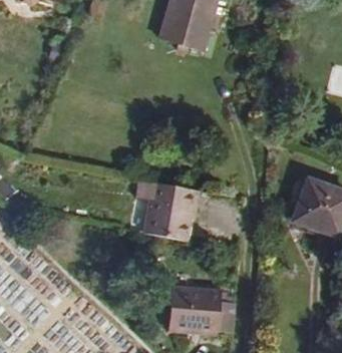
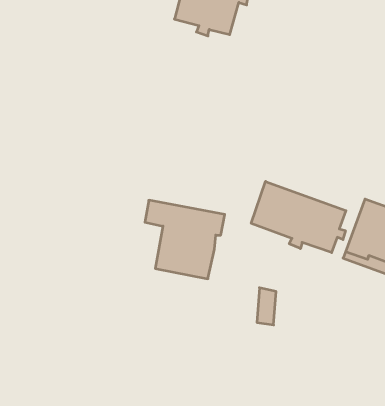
building: none -> [251,181,346,253]
building: [168,286,235,333] -> none

